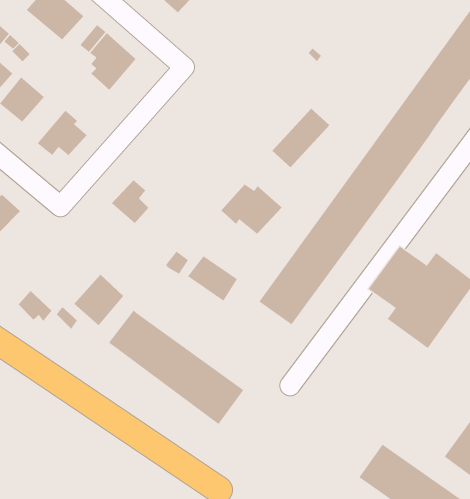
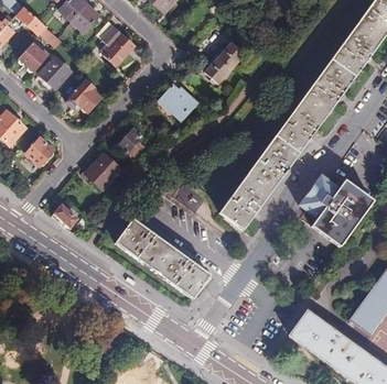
building: [272,108,330,168] -> [204,42,245,84]
building: [221,184,282,234] -> [155,85,198,120]
building: [73,274,124,326] -> [84,153,119,189]

